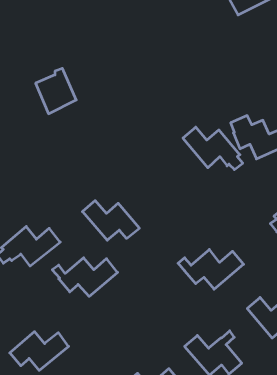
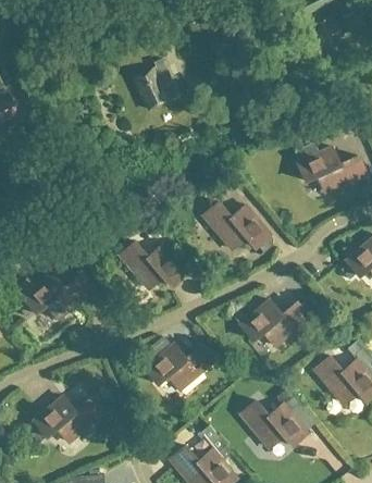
building: [36,68,76,114] -> [132,59,179,112]
building: [183,127,243,170] -> [203,201,274,251]
building: [52,258,118,296] -> [137,344,214,389]

